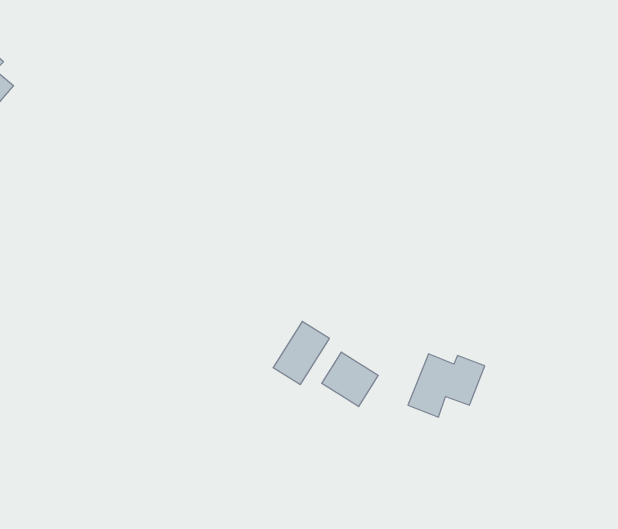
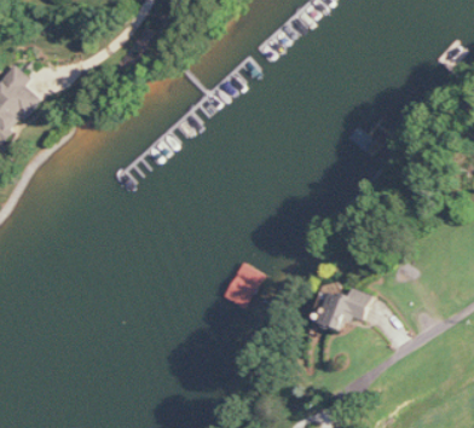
building: [322,352,378,407] -> none

